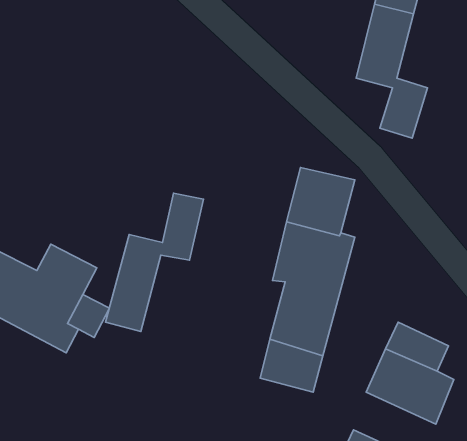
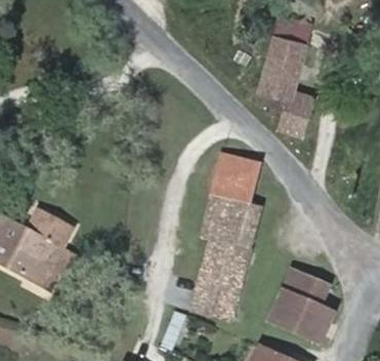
building: [106,193,203,332] -> none

